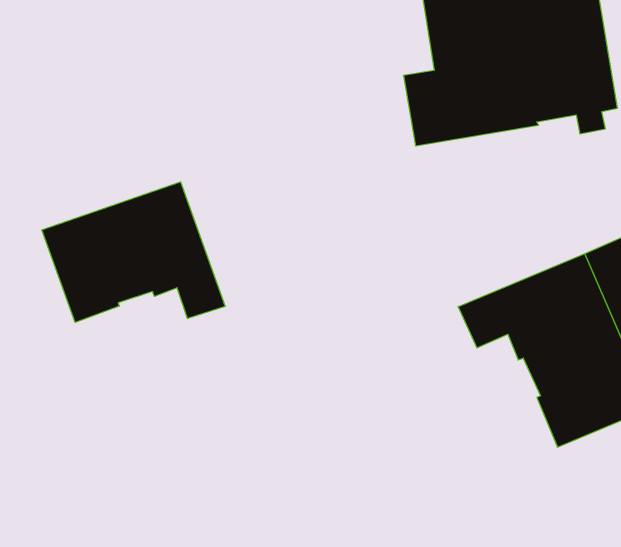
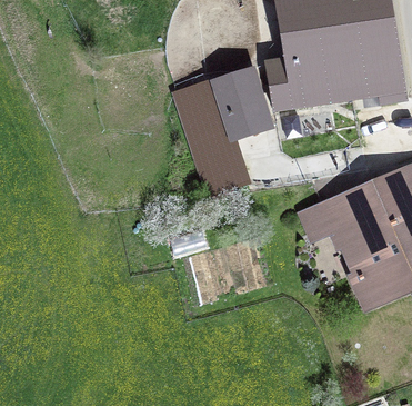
building: none -> [173,70,264,194]
building: [42,182,225,322] -> none

